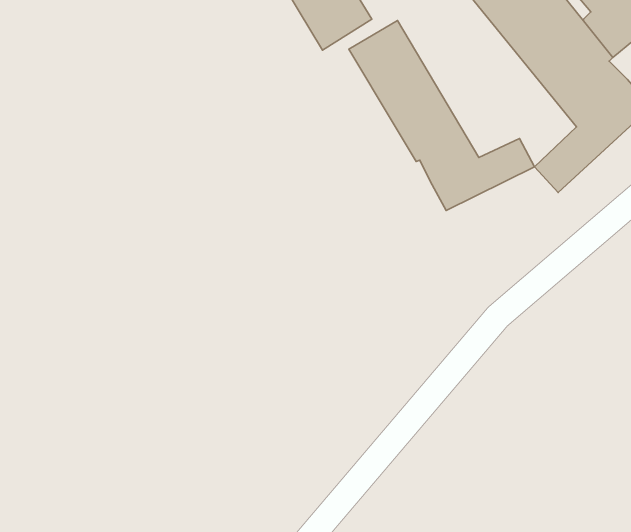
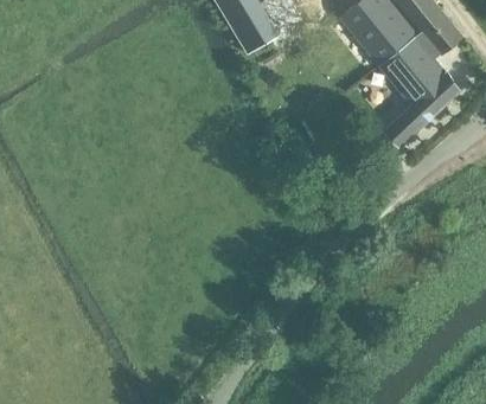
building: [349,21,534,210] -> none

